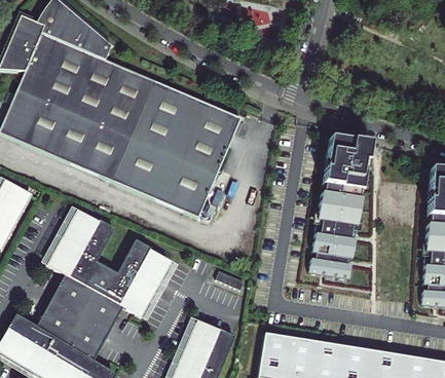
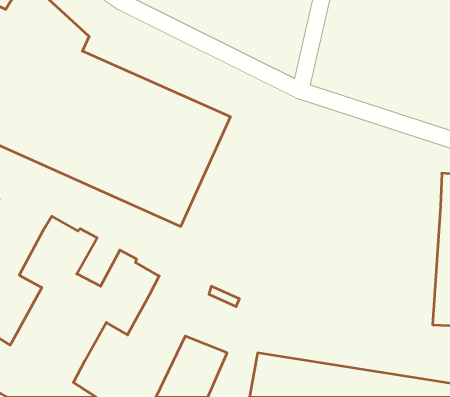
building: [310,139,372,281] -> none

